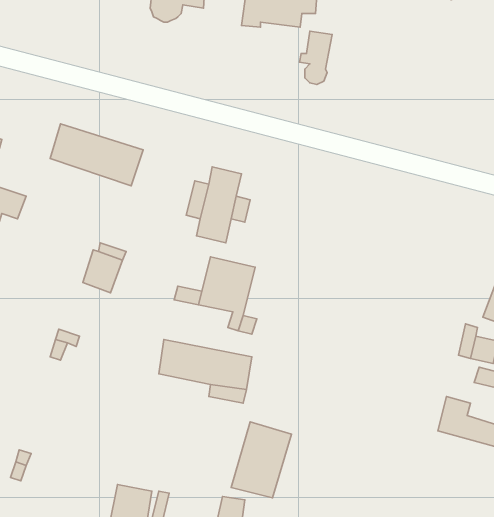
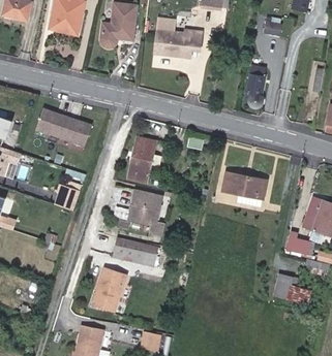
building: [300,31,332,85] -> [245,73,265,105]
building: none -> [222,171,266,205]
building: [231,422,292,498] -> [85,268,121,314]

